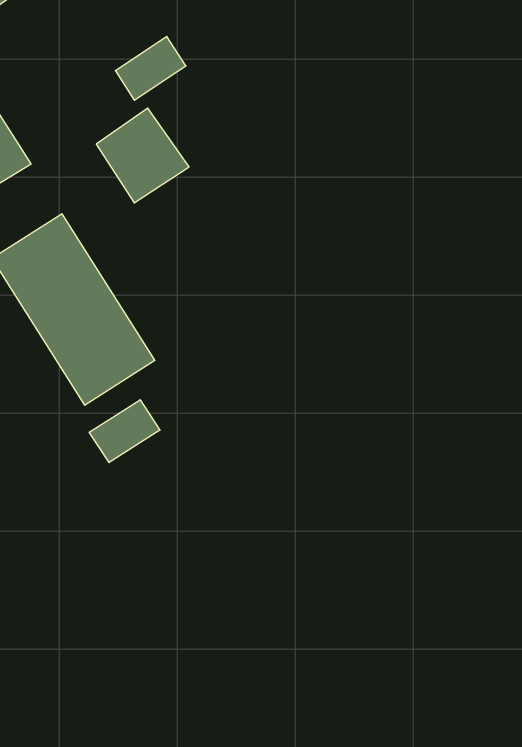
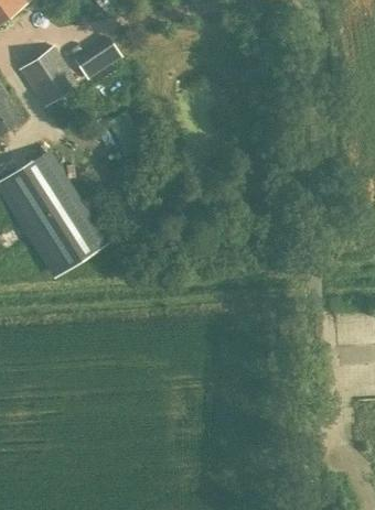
building: [96,108,189,203] -> [19,47,78,108]
building: [89,400,160,463] -> none

